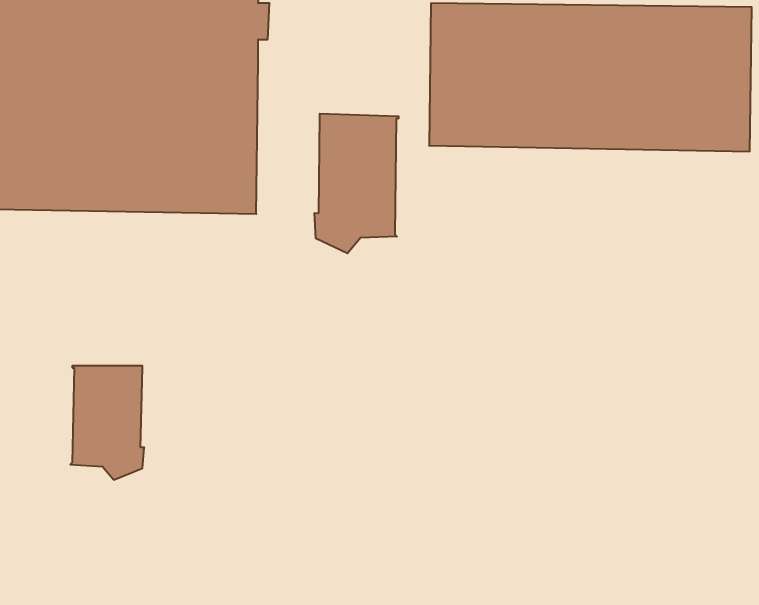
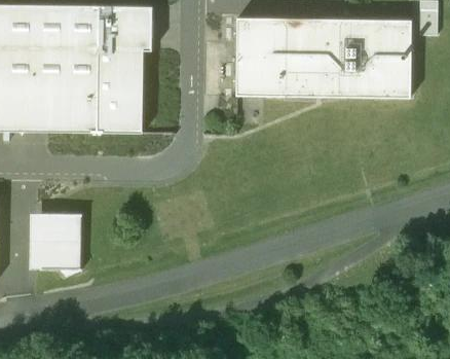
building: [315,114,399,253] -> none

